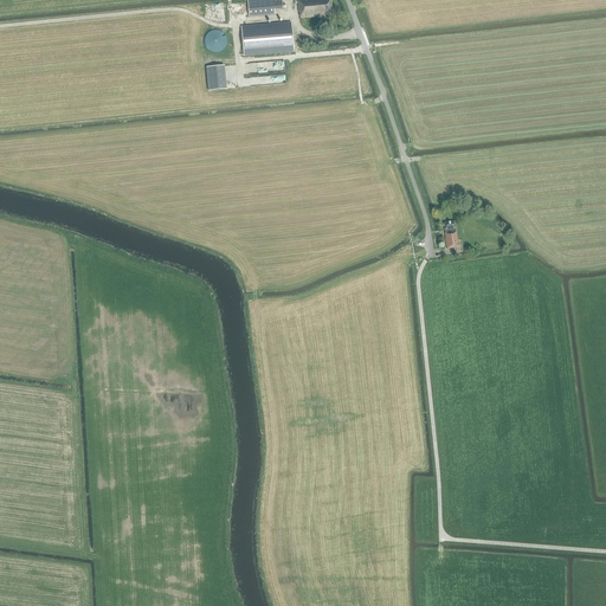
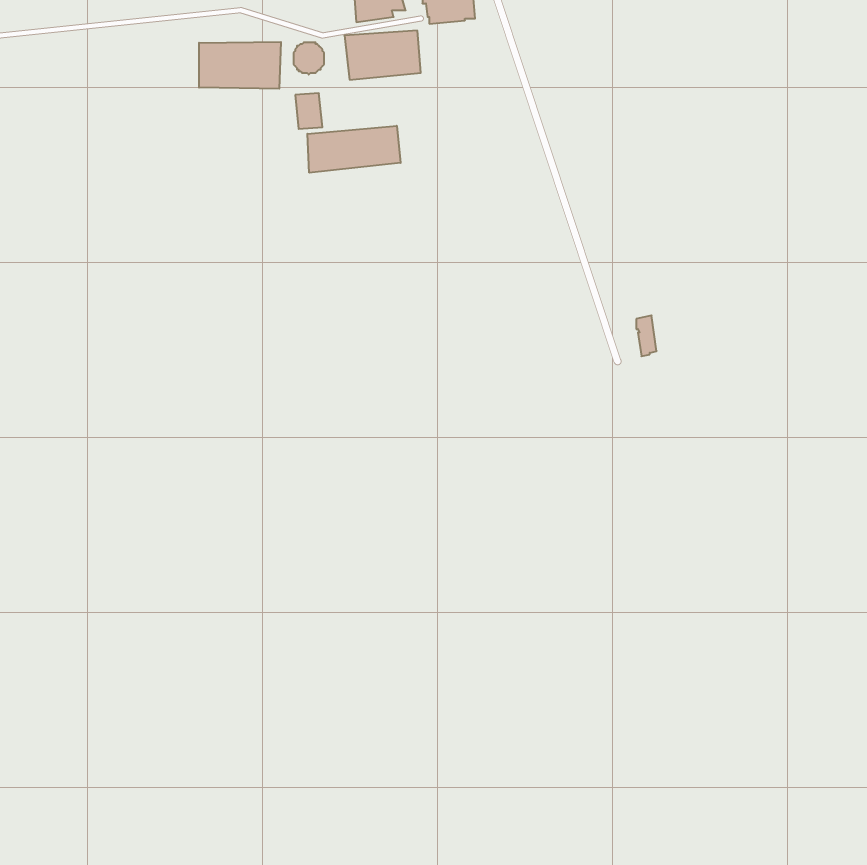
building: none -> [199,42,281,89]
building: none -> [307,126,401,173]

